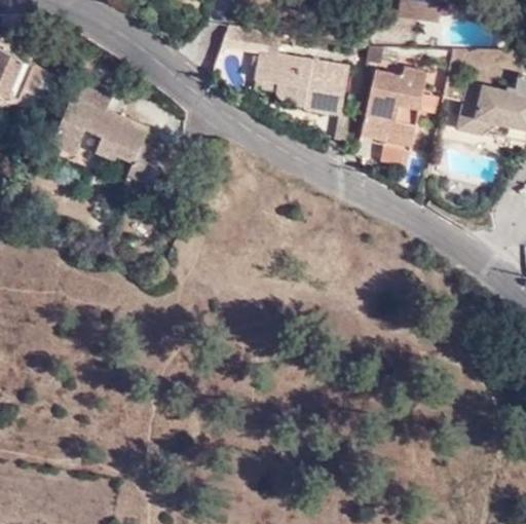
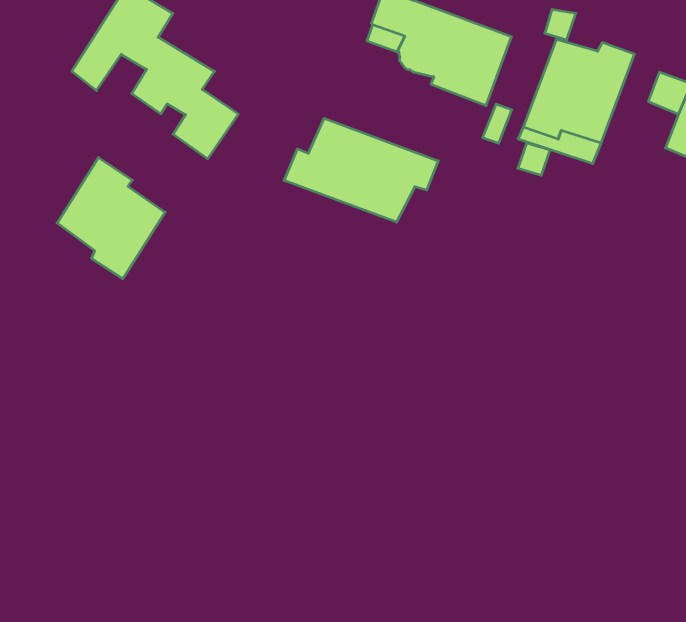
building: none -> [284,118,438,222]
building: none -> [57,157,165,279]

